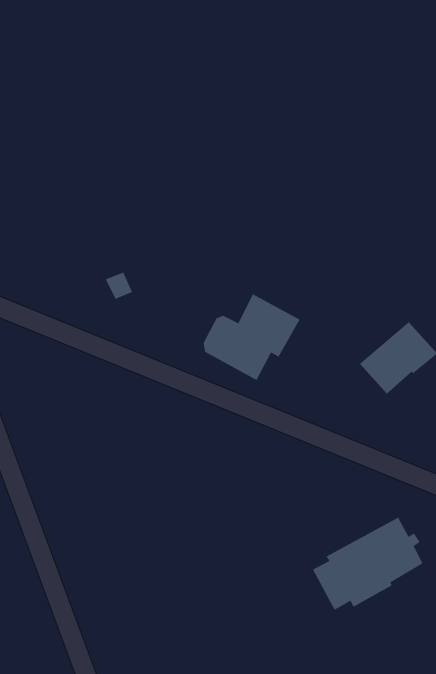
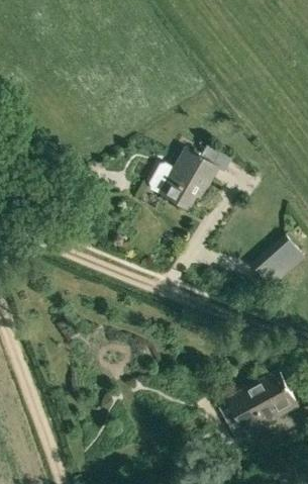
building: [203,293,301,381] -> [150,149,218,209]

